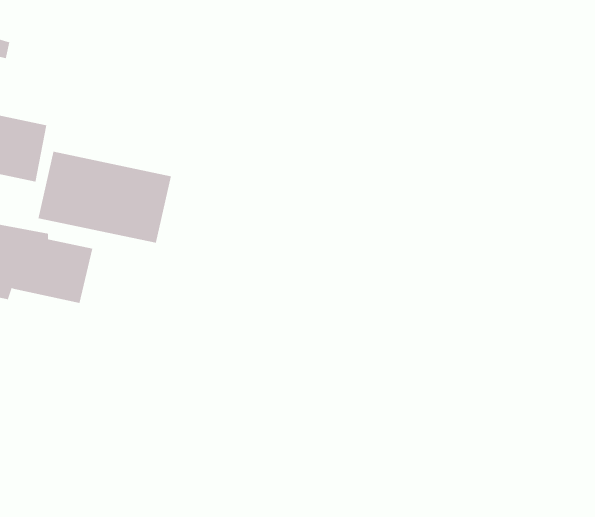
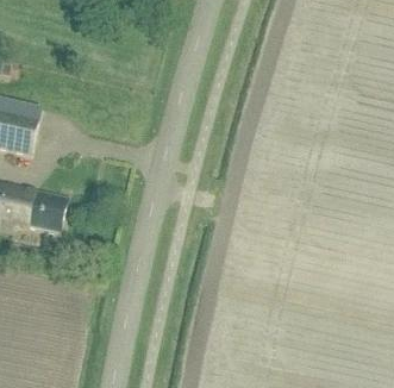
building: [38,151,171,244] -> none

